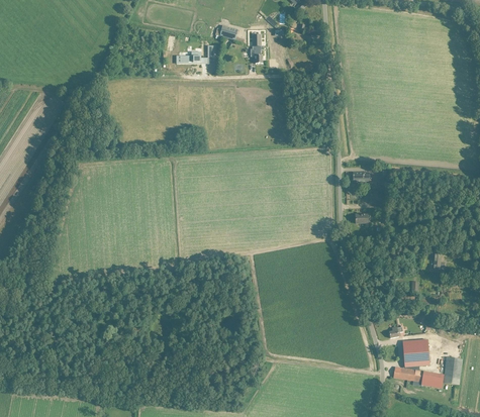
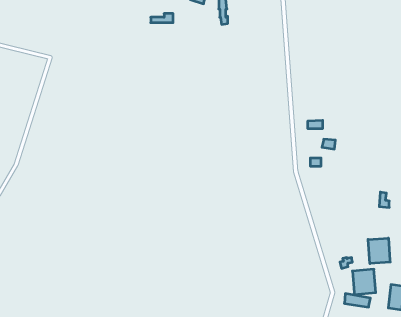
building: none -> [368,238,390,264]

